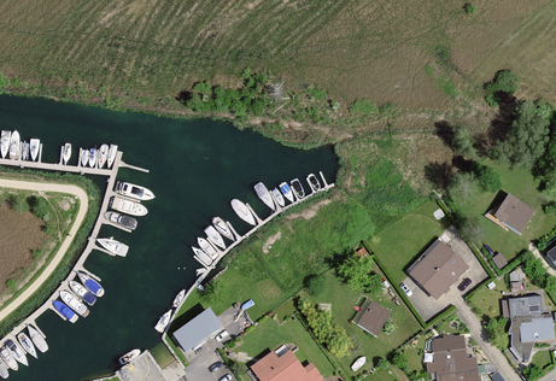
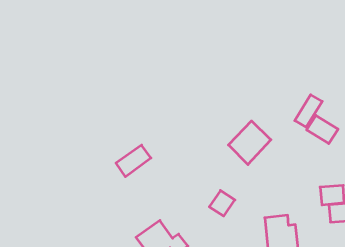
building: none -> [295,95,322,127]
building: [408,240,468,301] -> [228,121,271,165]
building: [174,310,223,354] -> [116,145,151,177]

